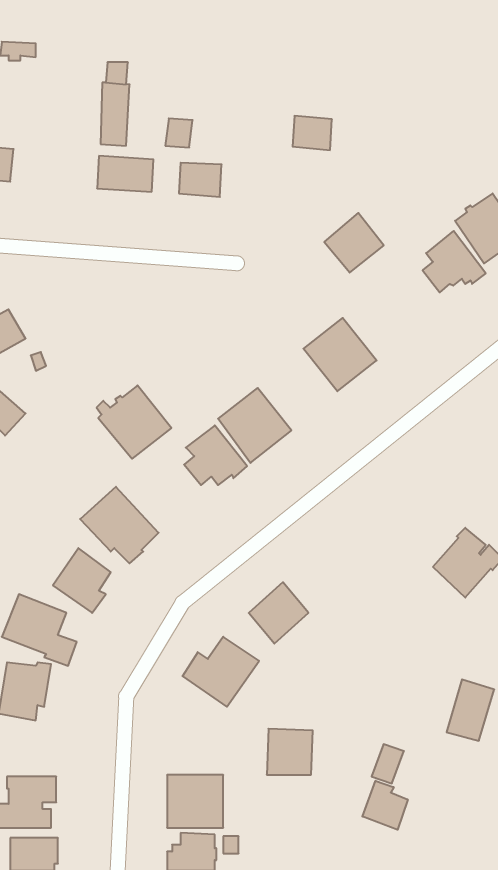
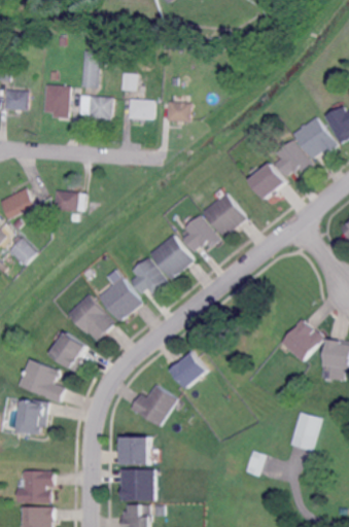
building: [293,116,332,150] -> [166,101,189,121]
building: none -> [42,84,68,113]
building: [324,213,384,273] -> [250,163,286,199]
building: none -> [53,189,83,211]
building: none -> [182,215,219,251]
building: [97,385,171,459] -> [97,277,142,321]
building: [267,729,313,775] -> [121,436,149,464]
building: [362,781,408,830] -> none

